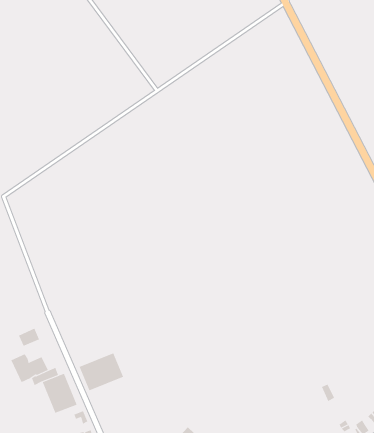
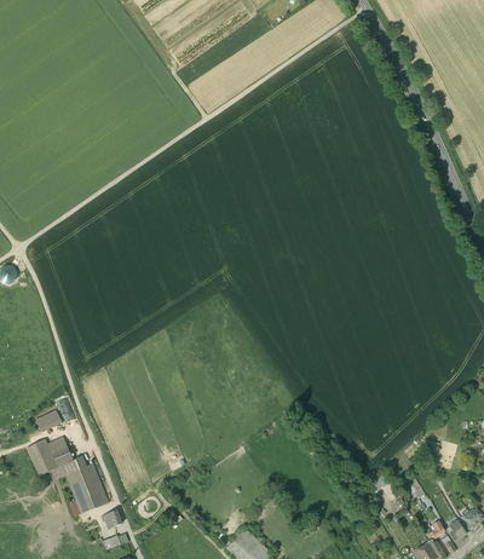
building: [79,353,124,391] -> none

